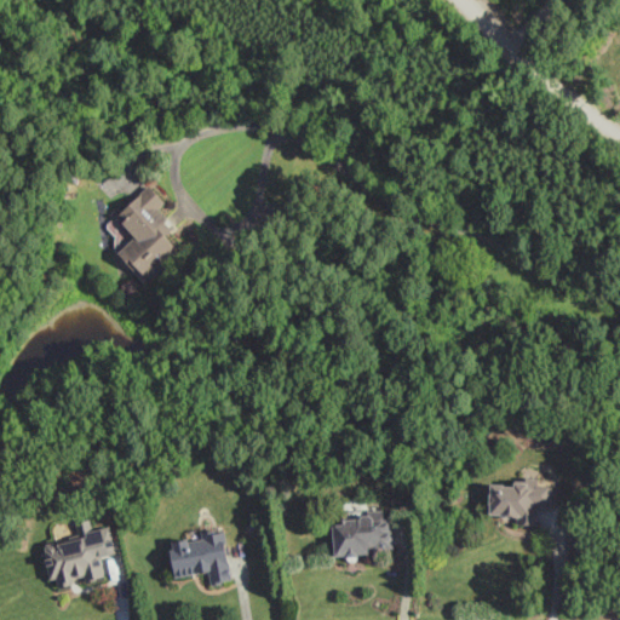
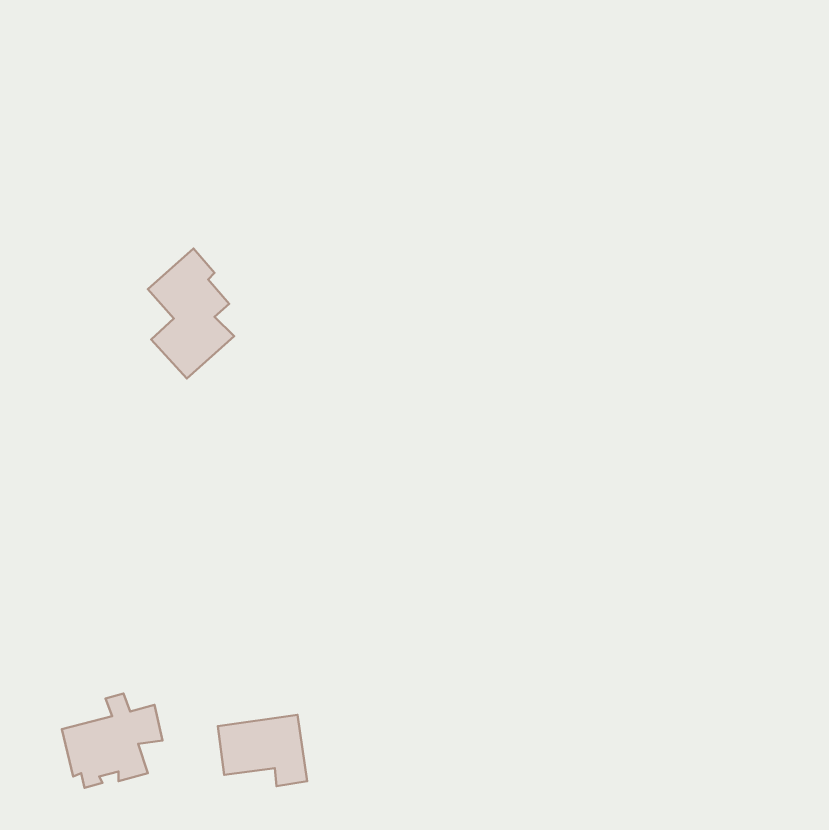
building: [486,482,551,526] -> none
building: [327,513,390,556] -> none

